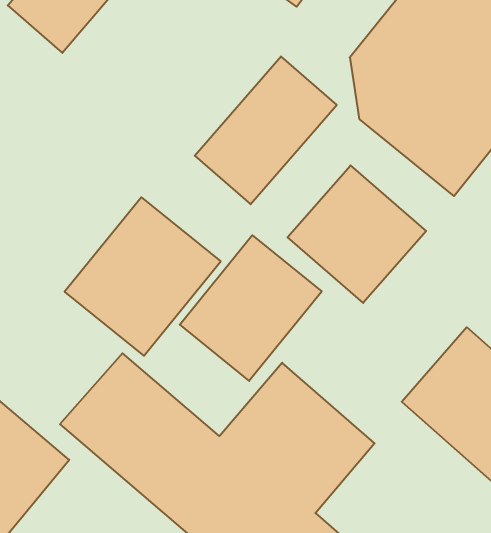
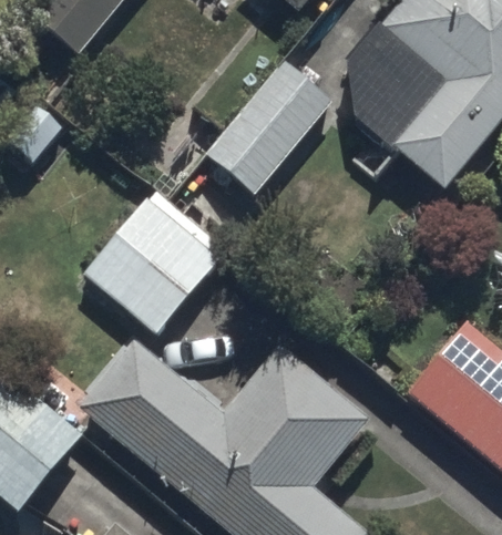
building: [288,165,426,303] -> none
building: [180,235,322,381] -> none

